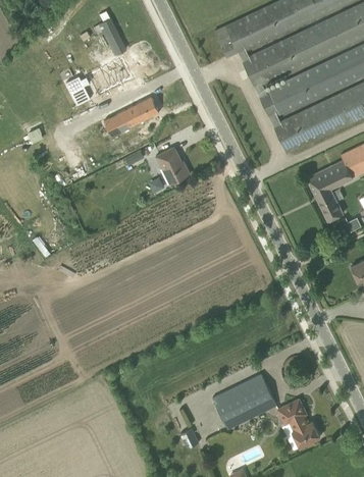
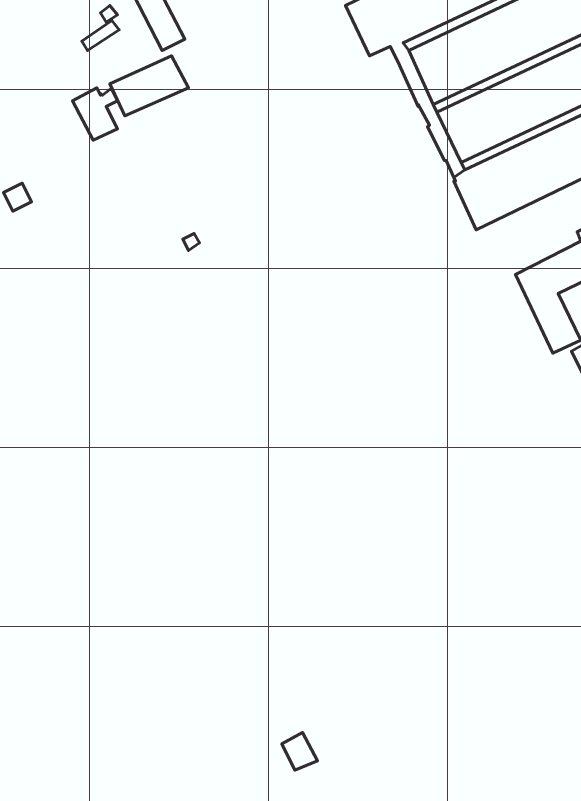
building: [106,97,159,135] -> none
building: [155,147,190,186] -> none
building: [212,374,276,429] -> none
building: [276,399,320,447] -> none

